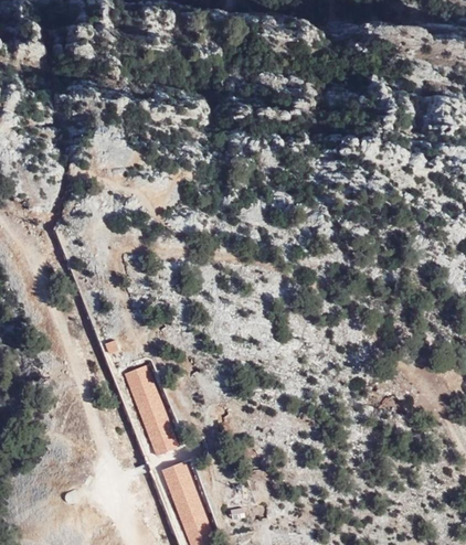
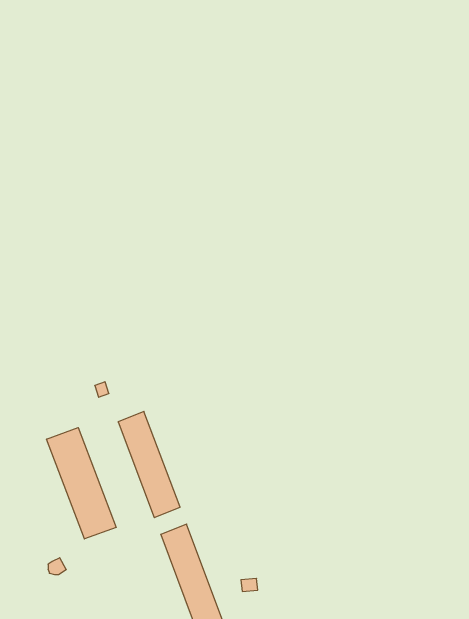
building: none -> [47,428,116,539]

